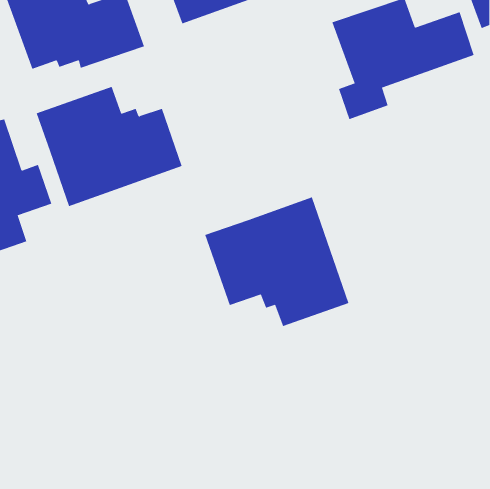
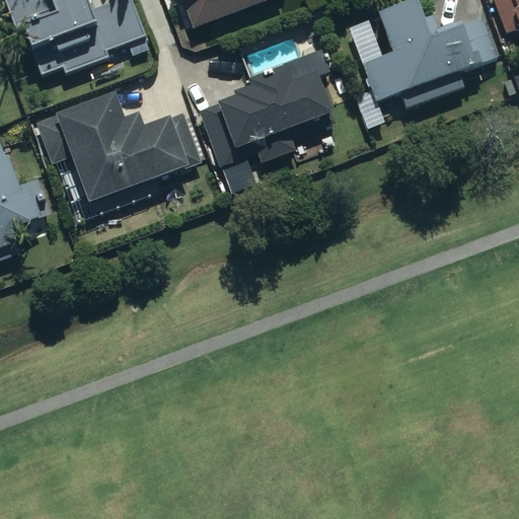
building: none -> [198,64,335,166]
building: [205,197,349,327] -> none

